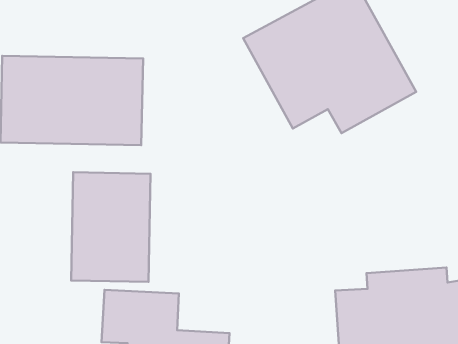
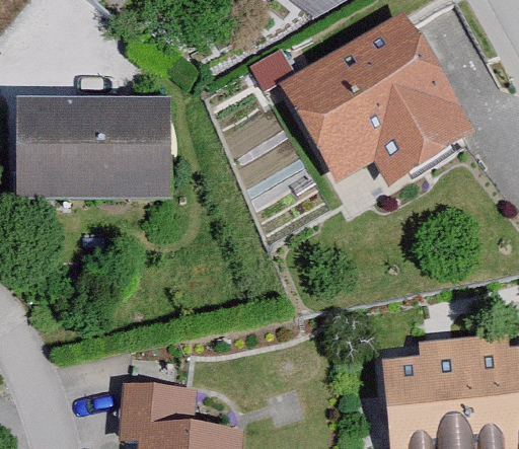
building: [71,172,151,282] -> none

